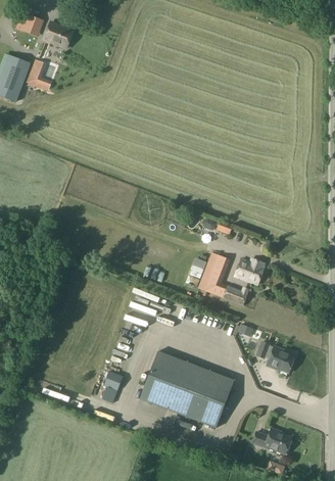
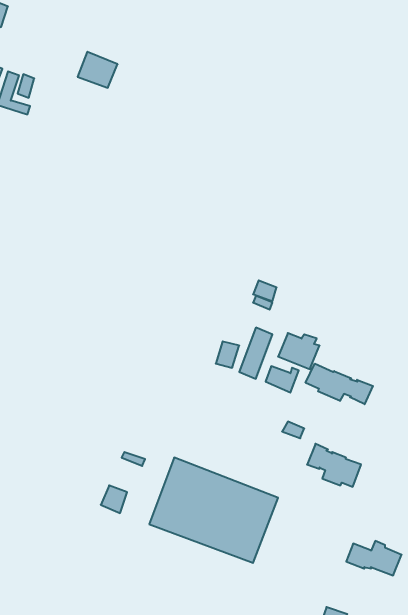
building: [44,20,74,47] -> [78,52,118,88]
building: none -> [306,364,373,404]
building: [250,427,291,452] -> [346,541,402,575]

